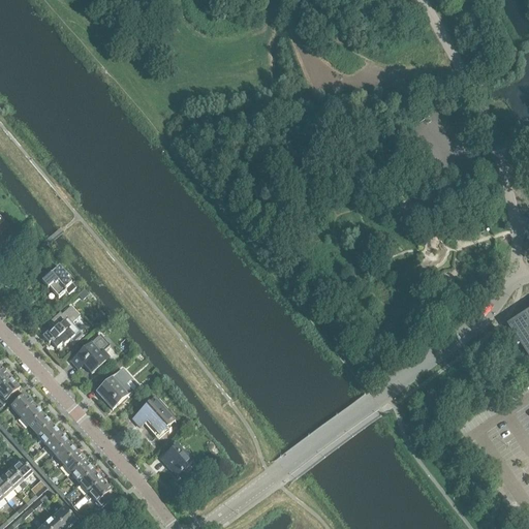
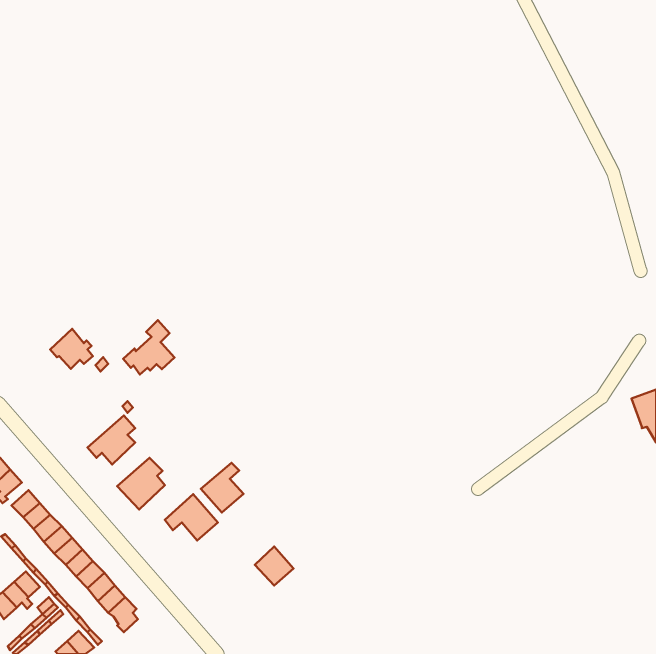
building: [41,303,83,346] -> [123,320,175,374]
building: none -> [201,463,243,513]
building: [160,442,191,473] -> [255,547,293,585]

